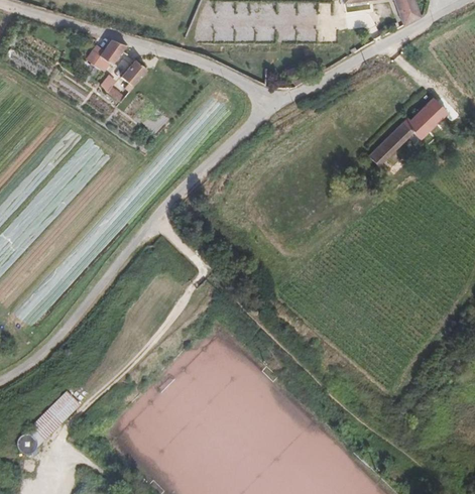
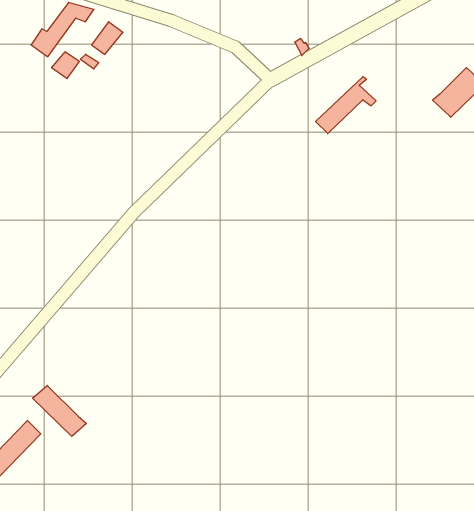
building: [369,117,420,164] -> [316,77,376,134]
building: none -> [33,385,86,436]

